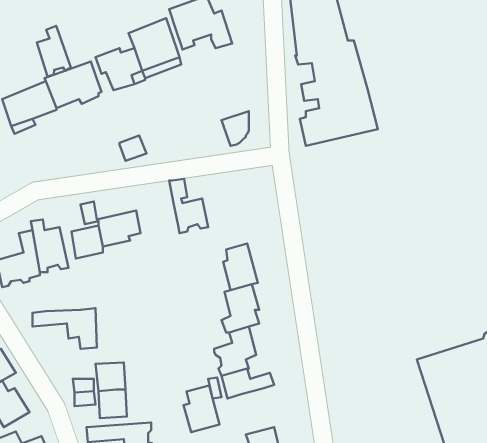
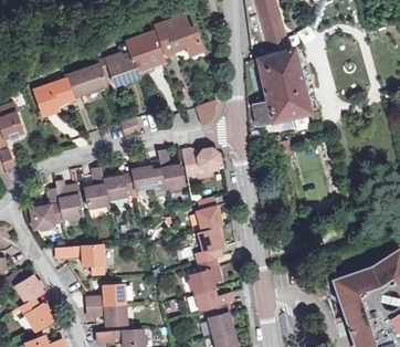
building: [37,26,71,76] -> none
building: none -> [183,149,220,176]
building: none -> [131,166,164,189]
building: [184,385,220,432] -> [208,303,234,337]

